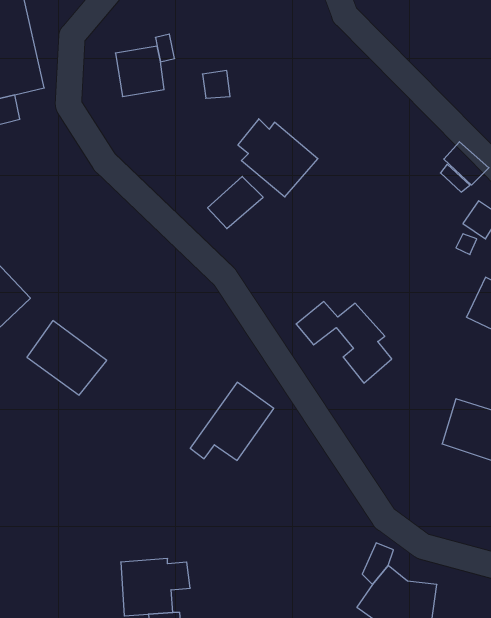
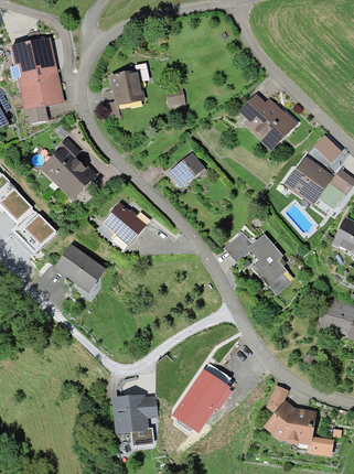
building: [238,119,318,197] -> [243,98,293,148]
building: none -> [42,141,93,197]
building: none -> [286,161,331,205]
building: none -> [98,205,143,243]
building: [190,382,274,460] -> [173,373,226,422]

